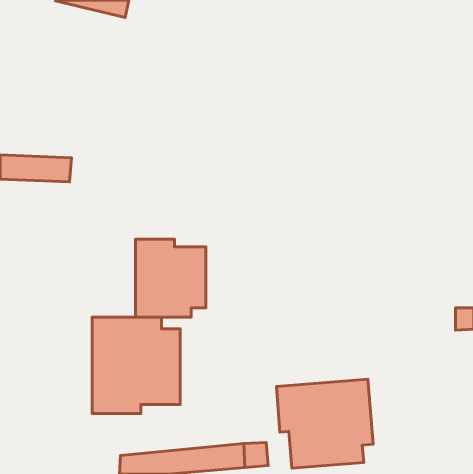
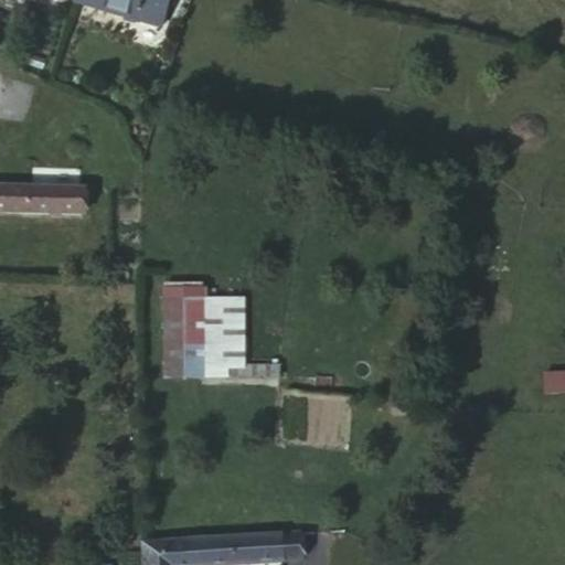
building: [92,317,180,414] -> none
building: [276,379,373,468] -> none

